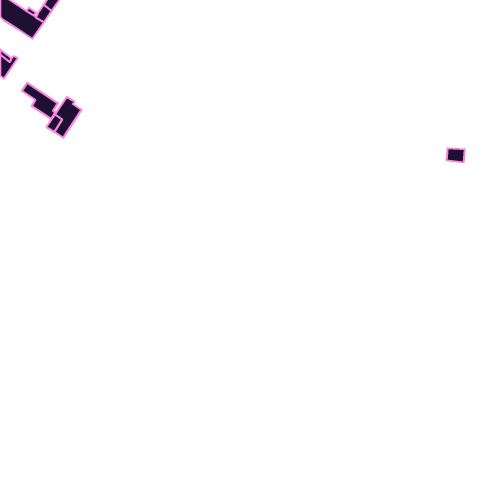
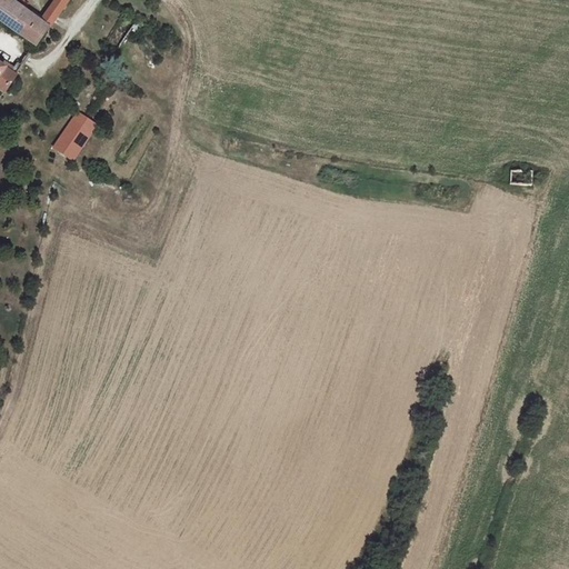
building: [22,83,58,119] -> none

